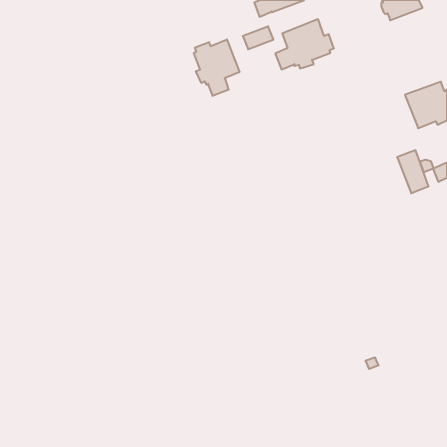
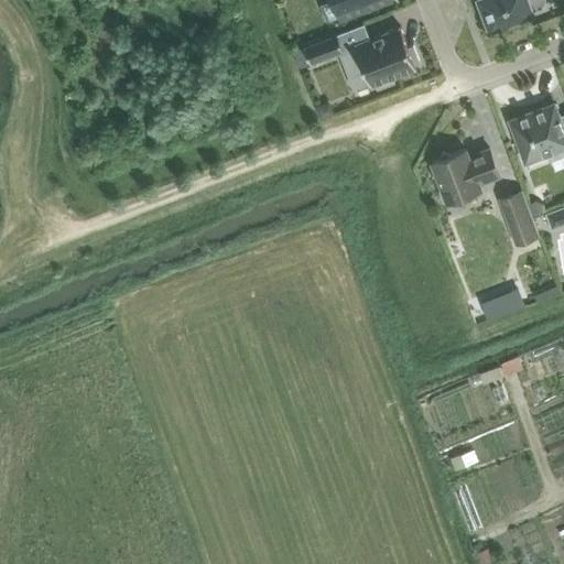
building: [194,39,239,96] -> none
building: none -> [432,150,499,203]
building: none -> [482,289,524,319]

